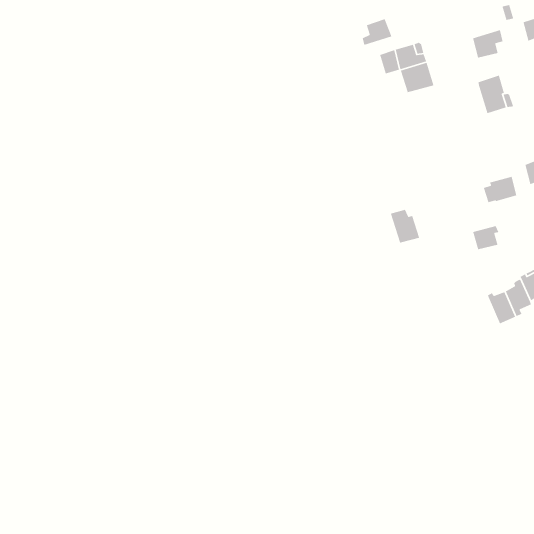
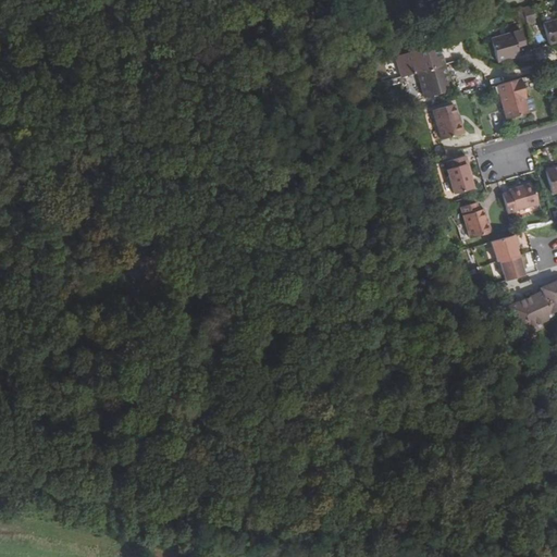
building: [362,18,392,46] -> none
building: none -> [432,103,462,139]
building: none -> [446,156,473,194]
building: [390,209,420,243] -> [460,202,492,238]
building: none -> [498,252,525,280]

